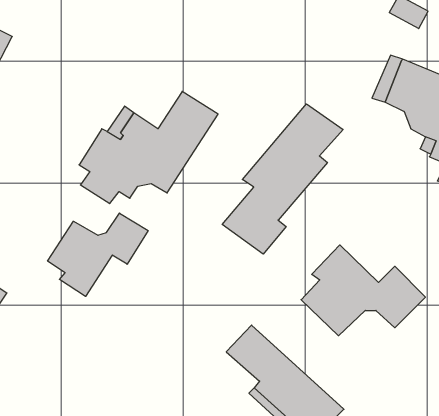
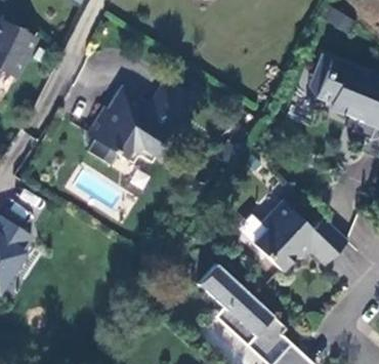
building: [222,104,343,254] -> none
building: [48,213,148,296] -> none

